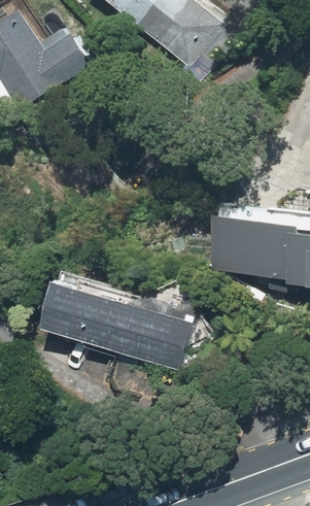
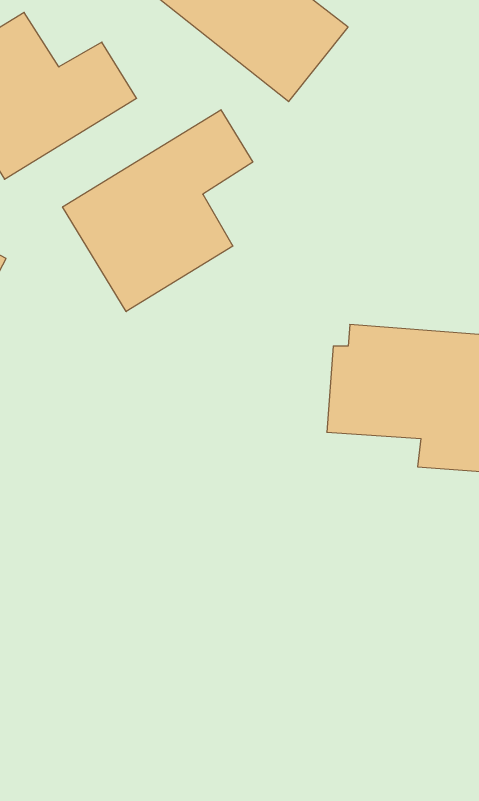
building: none -> [63,110,253,312]
building: [42,283,186,372] -> none

